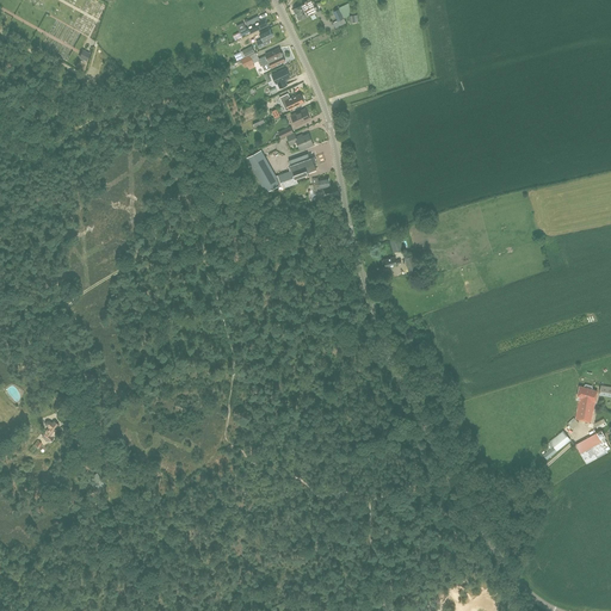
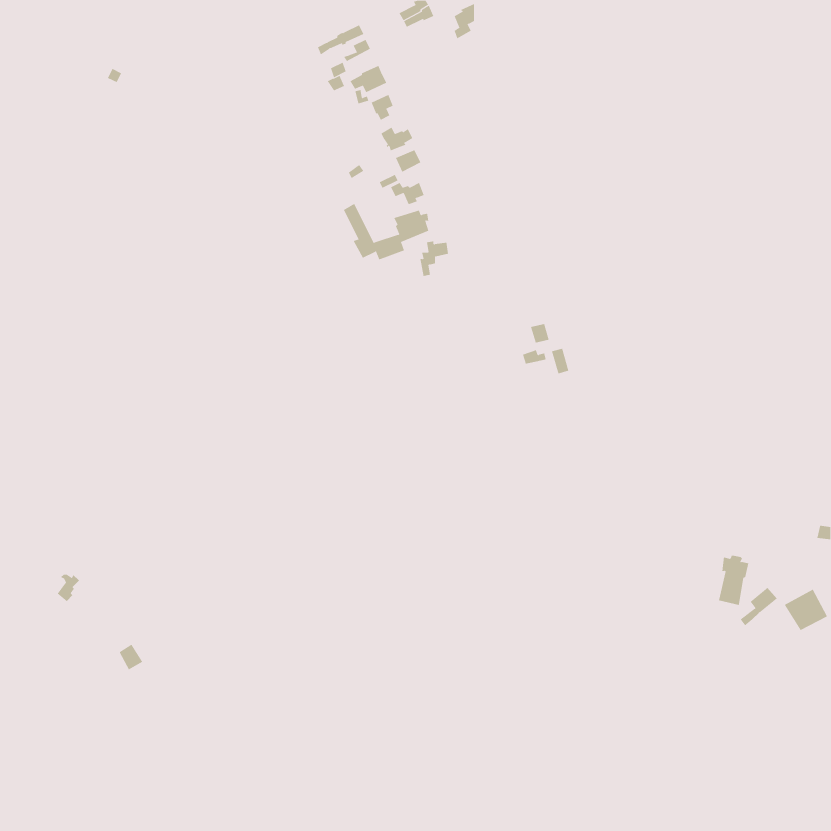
building: [575,384,598,421] -> [718,555,749,606]

